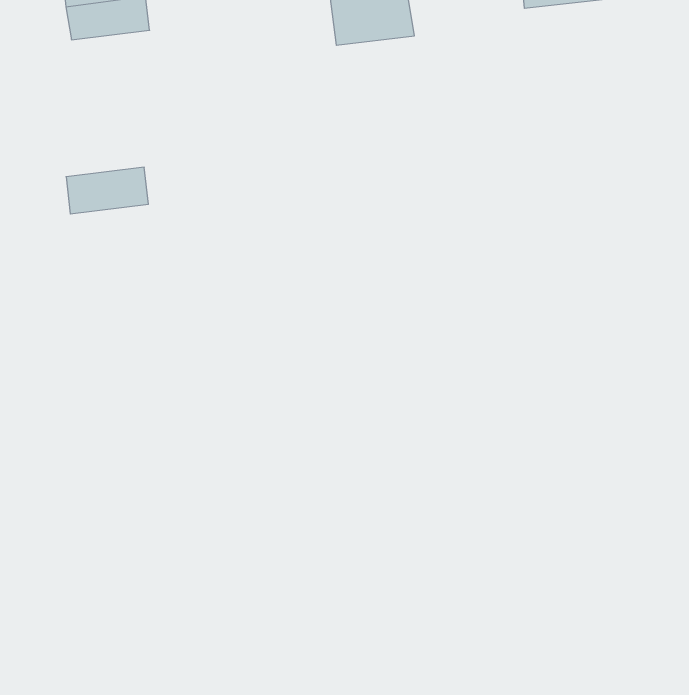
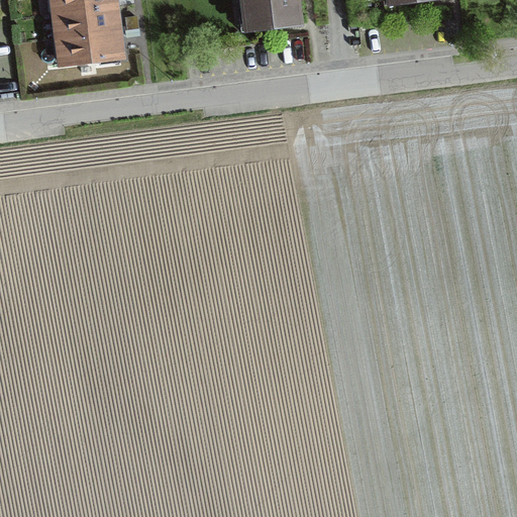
building: [66,167,148,214] -> [53,22,113,57]

